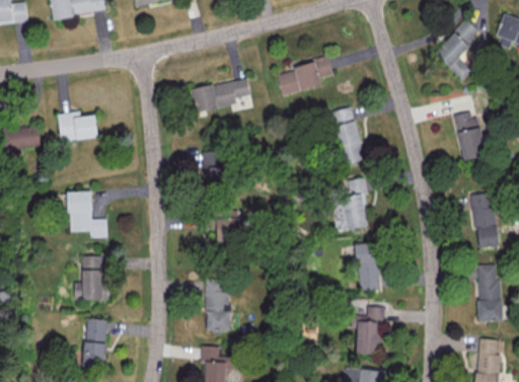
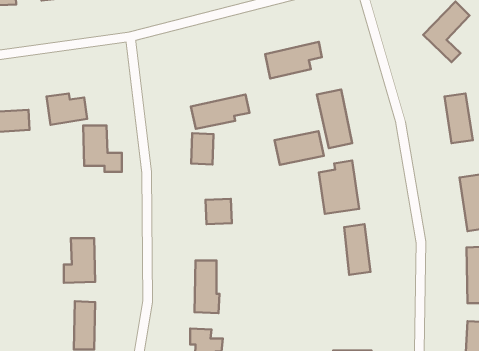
building: [192,77,250,111] -> [191,95,249,129]
building: none -> [274,131,324,165]
building: [68,190,106,237] -> [83,125,122,172]
building: [350,306,384,354] -> none

